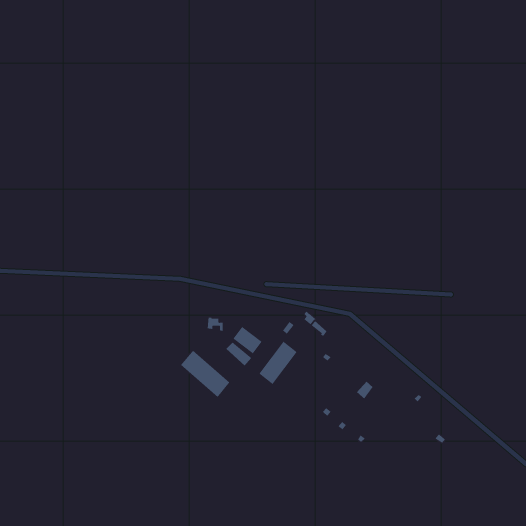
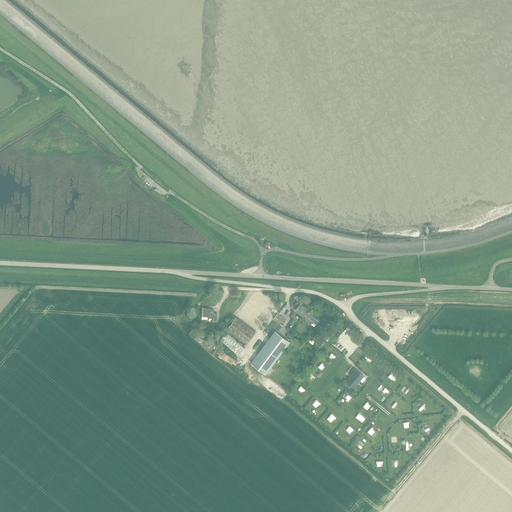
building: [180,350,230,398] -> none

